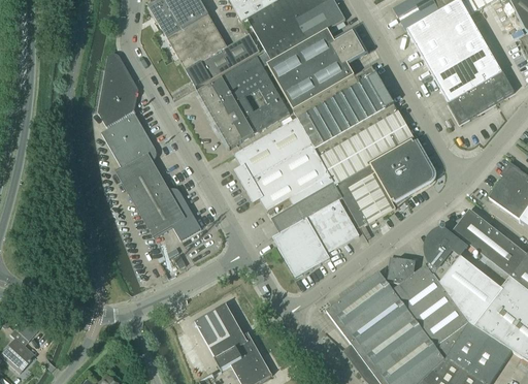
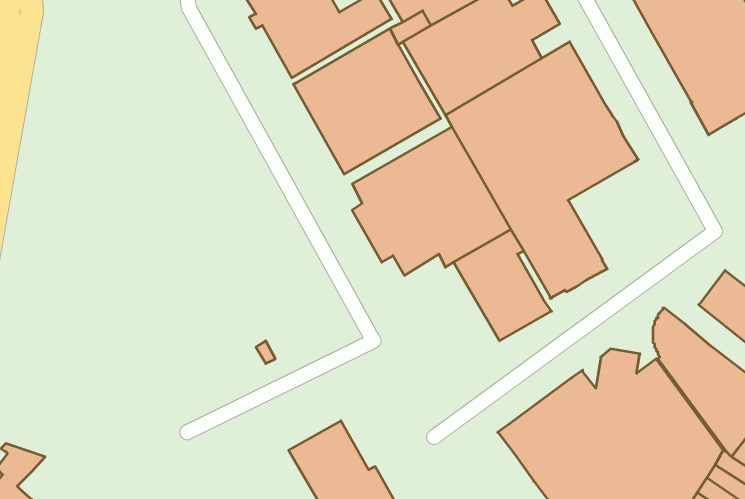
building: [98,53,201,239] -> none
building: [370,139,434,201] -> none
building: [271,203,329,277] -> none
building: [431,223,468,256] -> none

